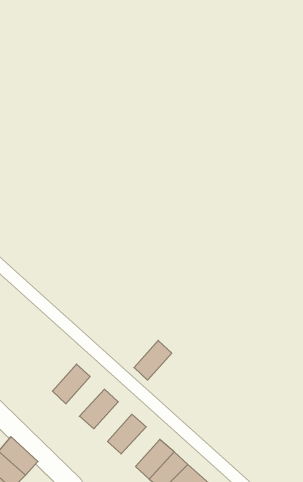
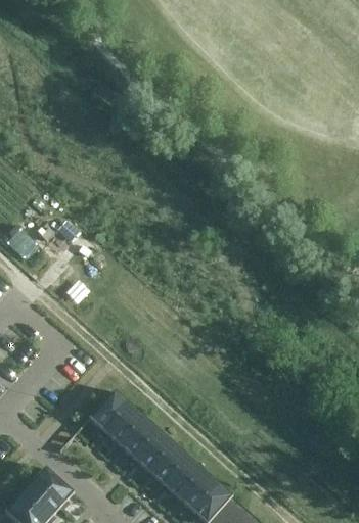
building: [134,340,172,380] -> [132,428,172,470]
building: none -> [102,401,143,443]
building: none -> [161,455,201,496]

